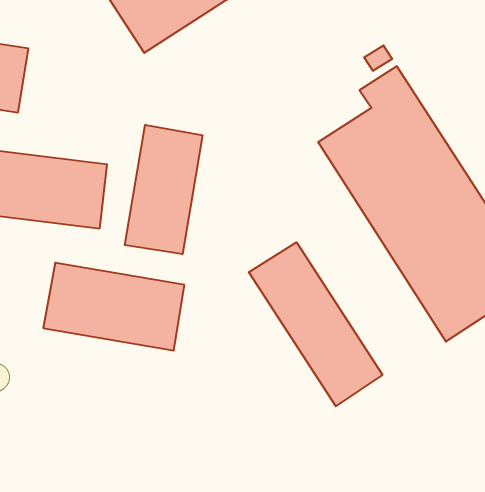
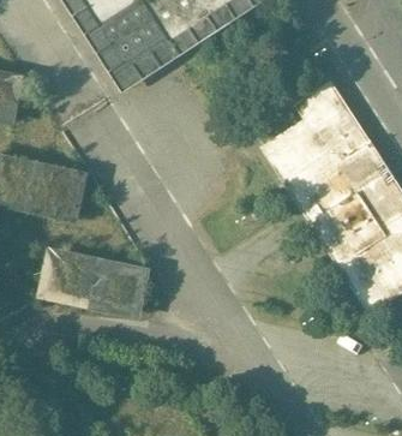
building: [125,125,202,254] -> none
building: [249,242,382,406] -> none

